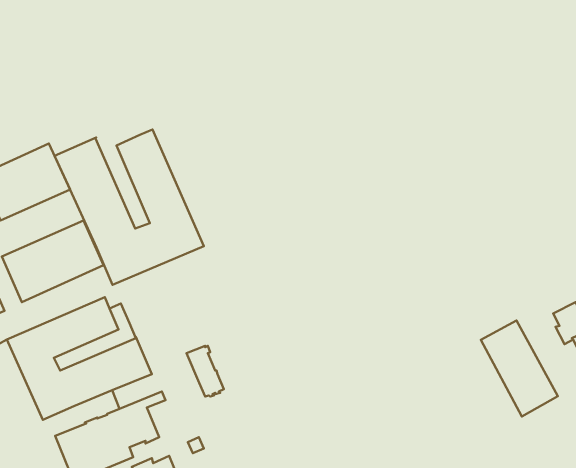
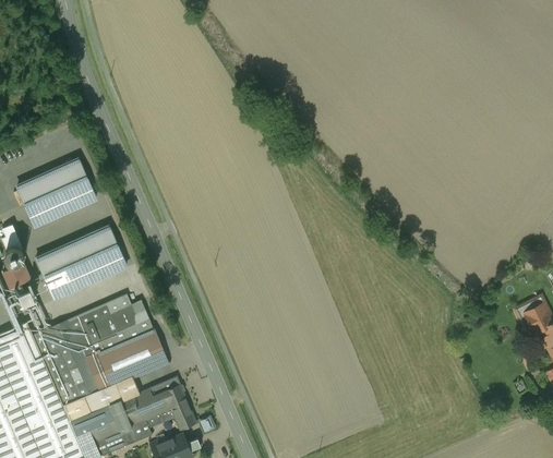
building: [54,129,204,285] -> none
building: [481,320,558,416] -> none
building: [187,346,224,397] -> [164,385,196,430]

